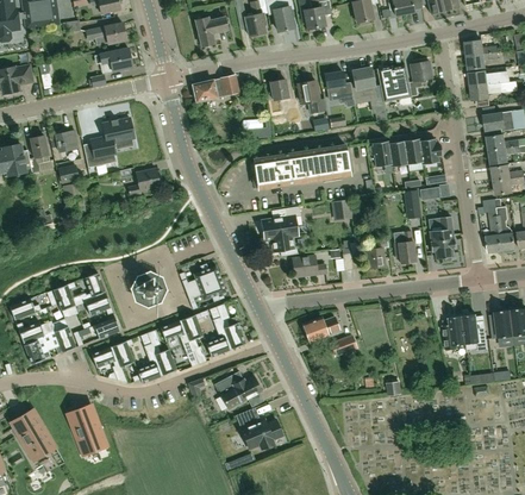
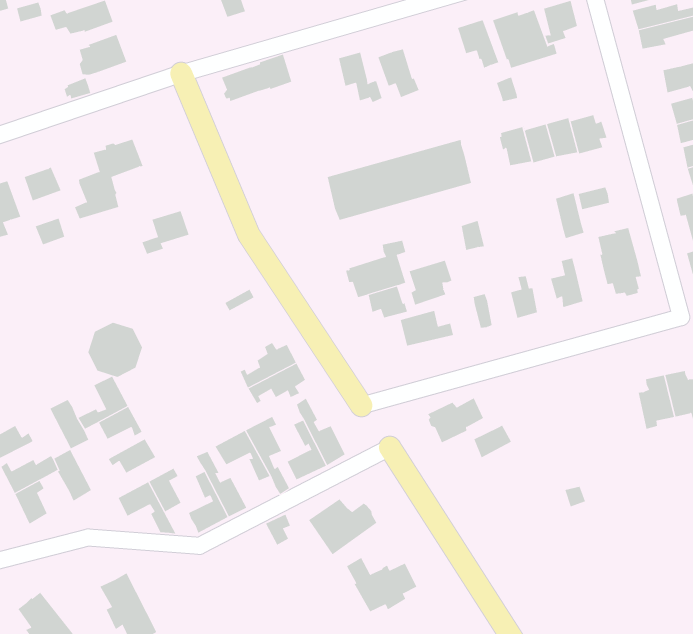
building: [325,71,355,106] -> none
building: none -> [409,260,452,306]
building: [130,270,167,307] -> [88,322,143,377]

